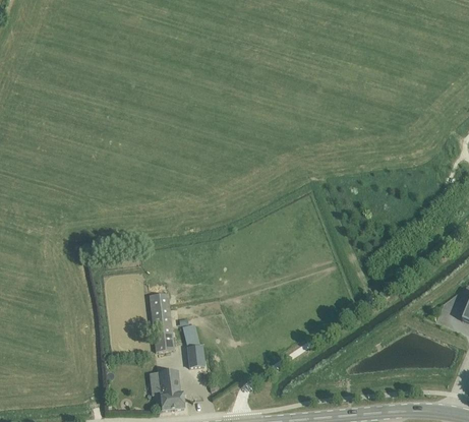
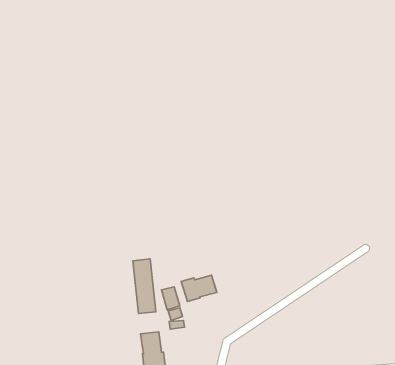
building: none -> [181,275,217,302]

